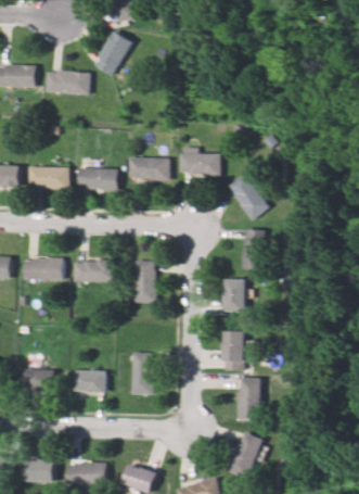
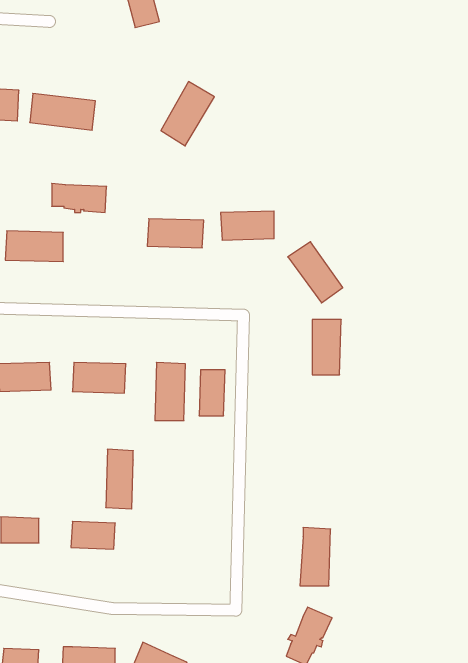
building: [95,29,133,75] -> [161,82,214,146]
building: [79,168,118,189] -> [52,183,107,212]
building: [226,278,244,311] -> [199,370,225,416]
building: [222,328,244,369] -> none
building: [133,352,153,394] -> [106,449,133,509]

